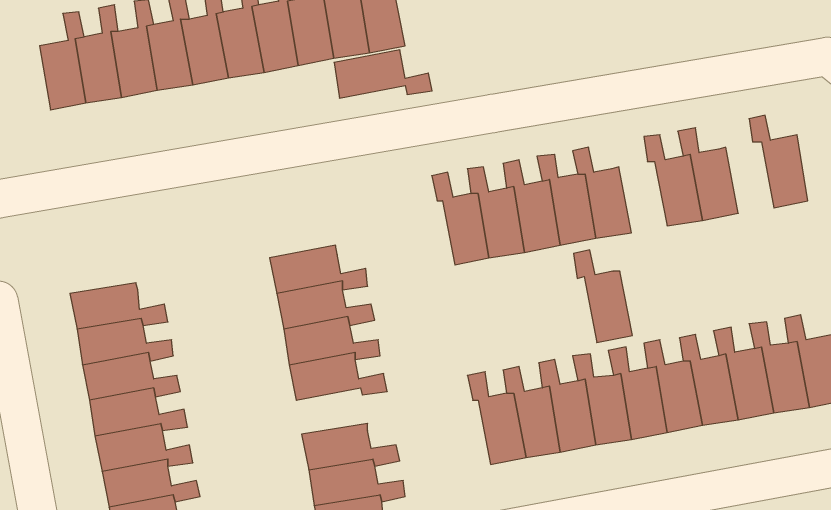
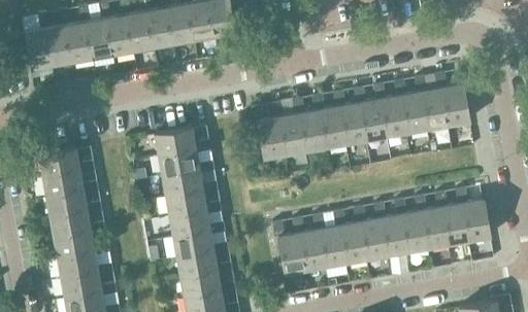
building: [334,50,432,98] -> [155,129,211,157]
building: none -> [415,78,450,131]
building: none -> [39,150,95,177]
building: [574,250,632,343] -> [354,89,388,142]
building: none -> [173,232,229,258]

